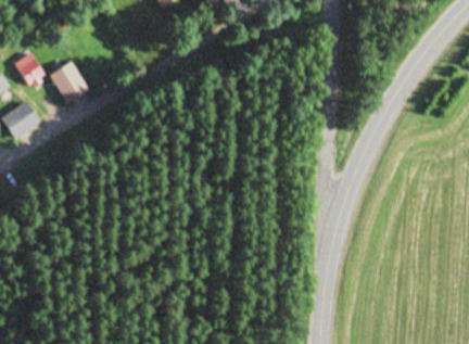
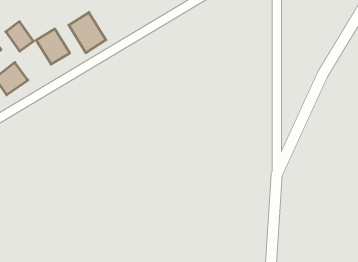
building: none -> [69,12,106,53]

